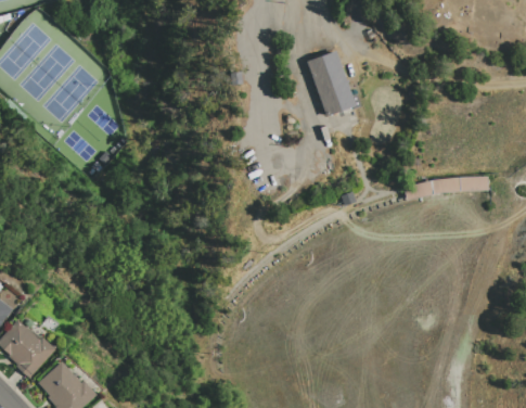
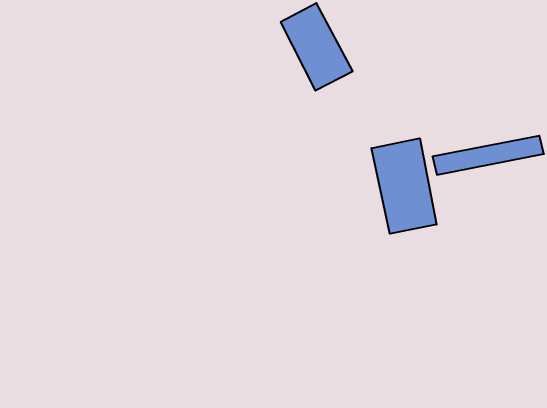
building: none -> [371,138,437,234]

